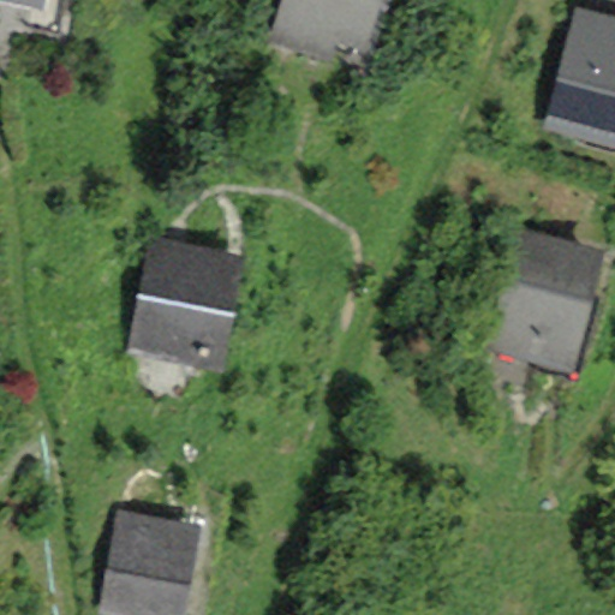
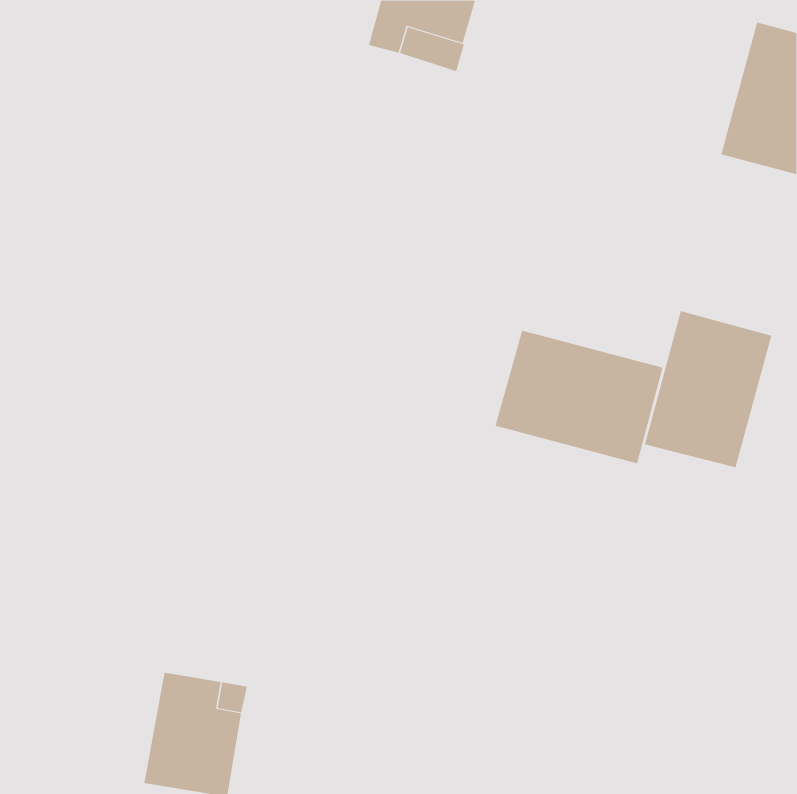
building: [143,253,226,359] -> none
building: none -> [495,330,663,464]

